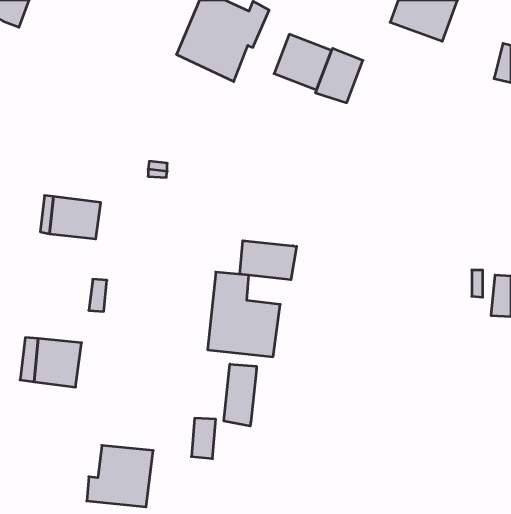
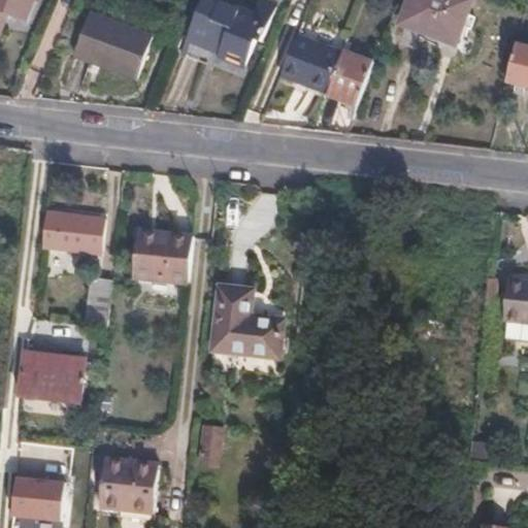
building: none -> [75,8,154,74]
building: none -> [131,227,192,277]
building: [240,241,297,280] -> none
building: [224,364,256,426] -> none
building: none -> [11,470,64,519]

